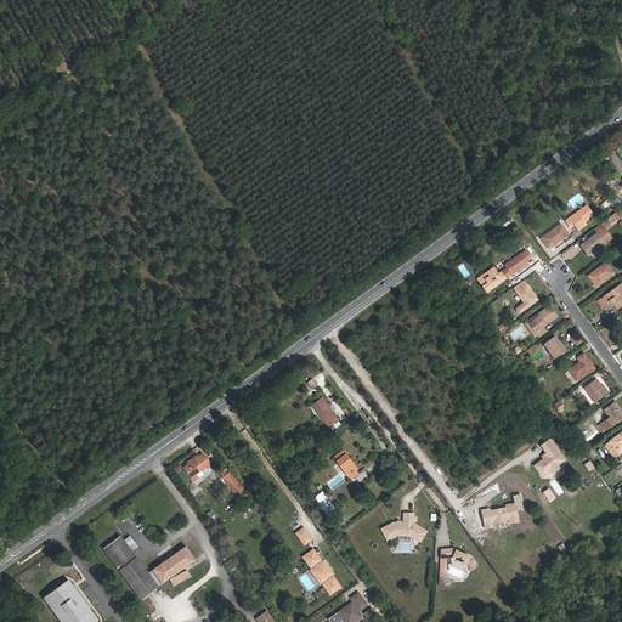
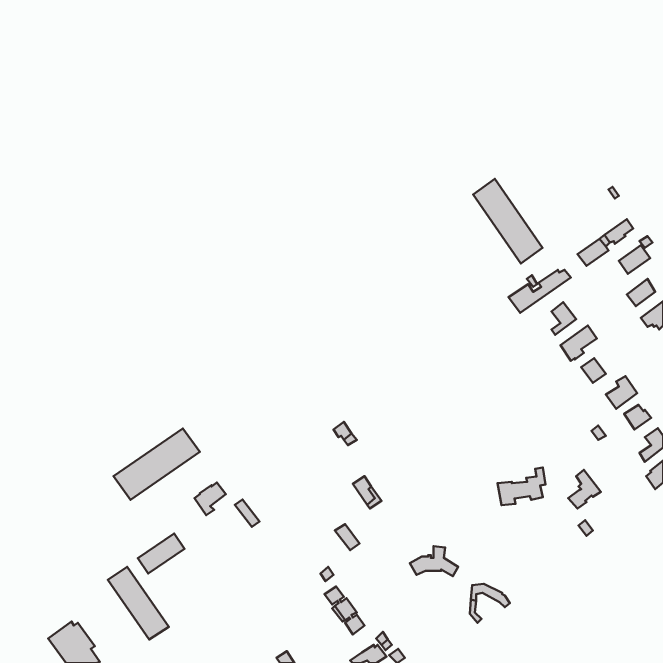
building: none -> [473,179,543,263]
building: none -> [114,428,200,500]
building: [481,493,526,528] -> [497,467,545,505]
building: [152,545,196,583] -> [138,533,184,574]

